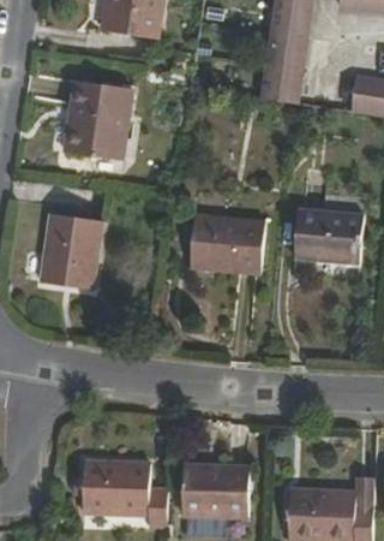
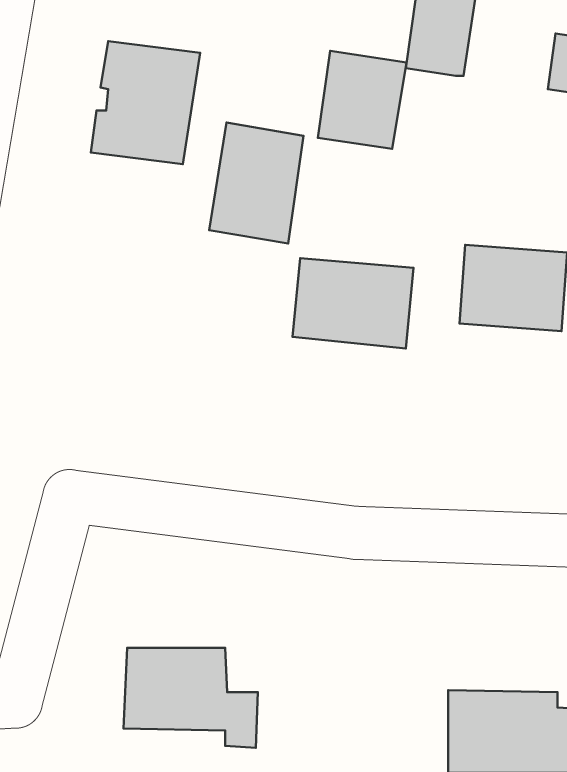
building: none -> [318,51,406,149]
building: [42,214,101,290] -> [209,123,303,243]
building: [184,464,248,516] -> none

